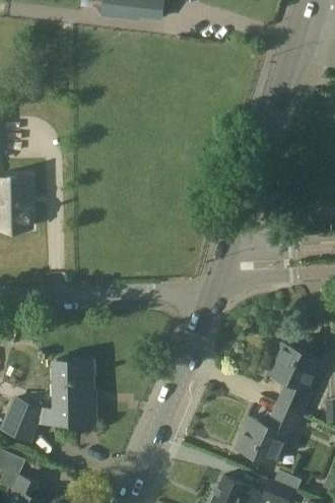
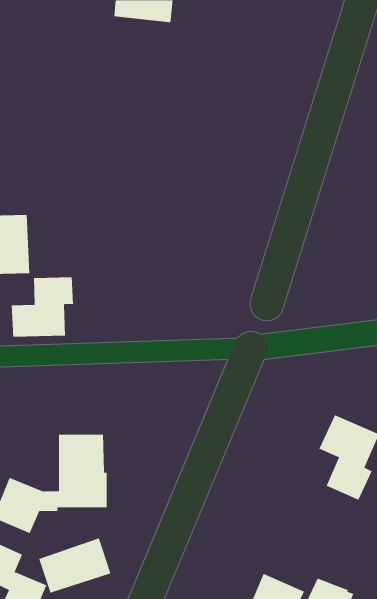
building: none -> [11,276,73,337]
building: [236,403,302,463] -> none
building: none -> [38,538,111,594]

